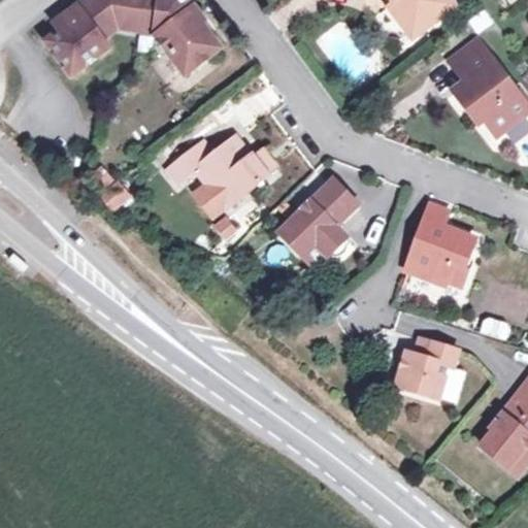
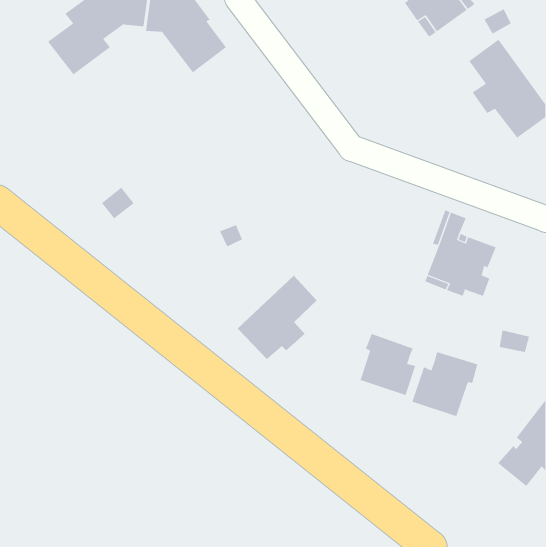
building: [165,134,267,208] -> none
building: [280,179,358,261] -> [237,275,317,360]
building: none -> [360,333,416,396]

